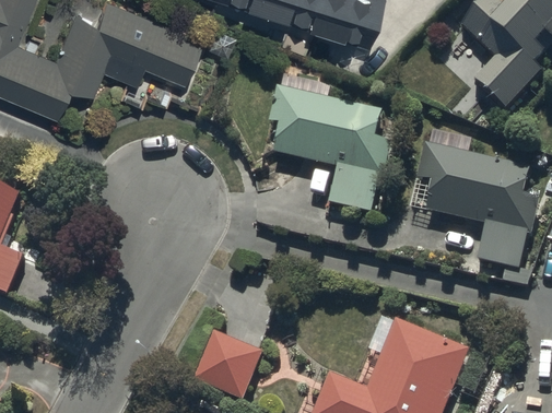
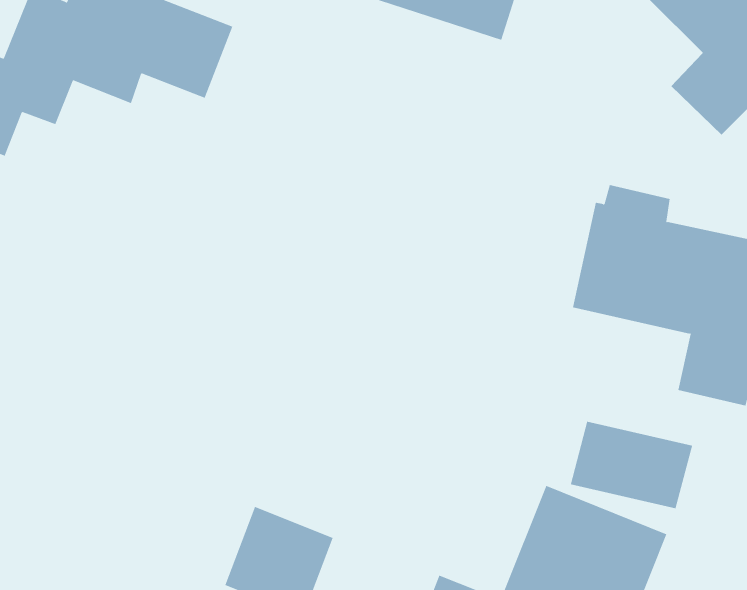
building: [262,76,394,214] -> none
building: none -> [570,421,693,509]

